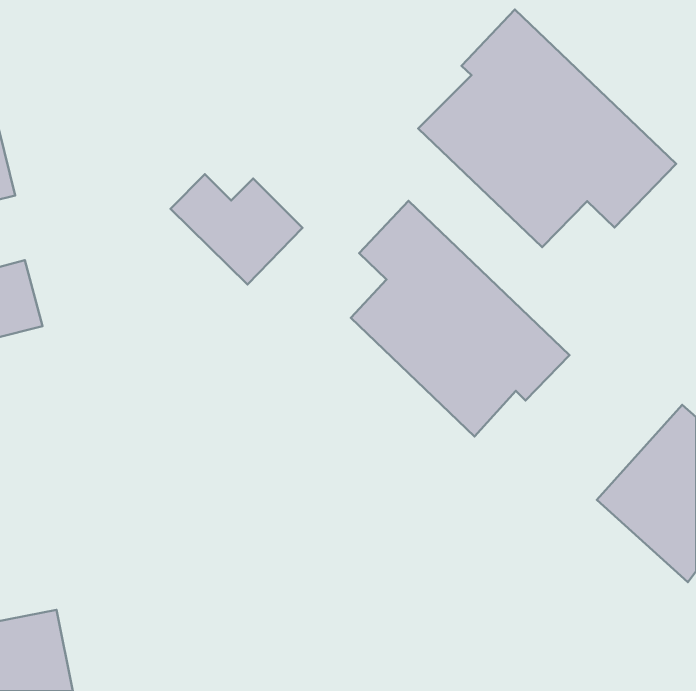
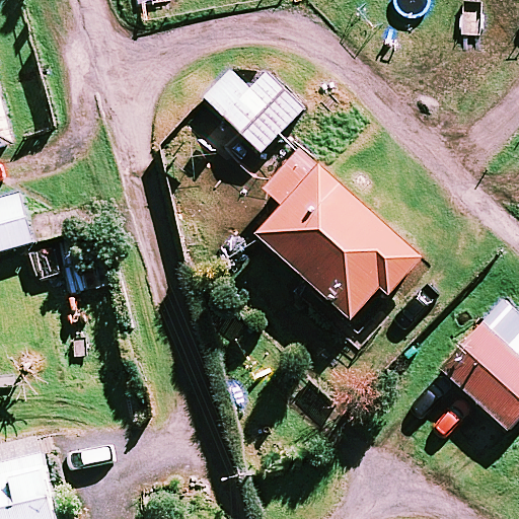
building: [418,9,676,247] -> none
building: [171,174,303,284] -> [203,68,300,149]

